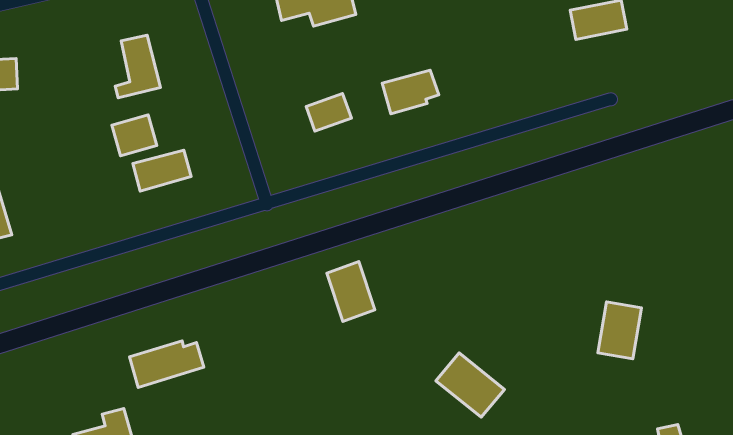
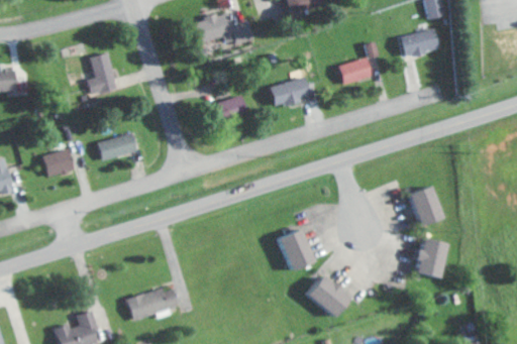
building: none -> [332,41,376,88]
building: [112,115,157,156] -> [41,149,73,178]
building: none -> [412,187,445,227]
building: [327,262,375,321] -> [282,230,315,271]
building: [130,341,204,388] -> [125,289,177,321]

